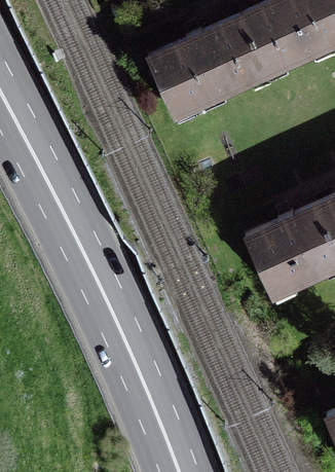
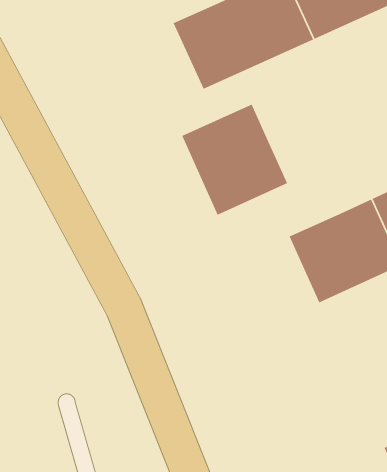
building: none -> [181,103,288,216]

